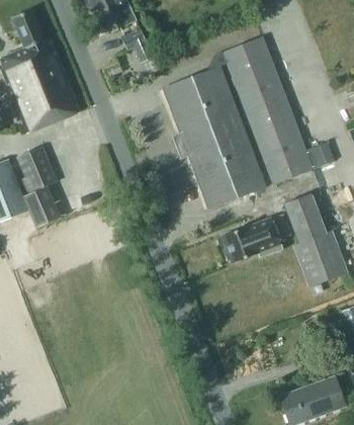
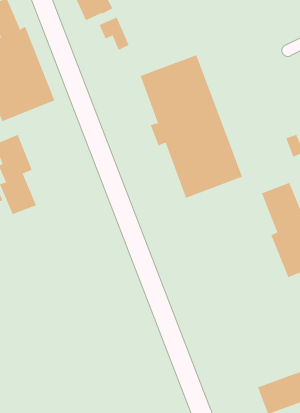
building: [223,37,311,184] -> none
building: [222,211,291,262] -> none

